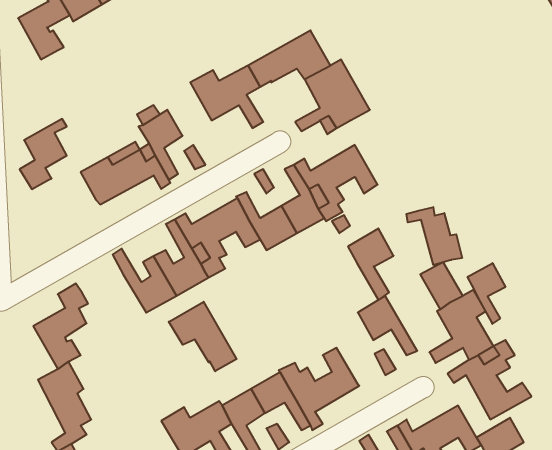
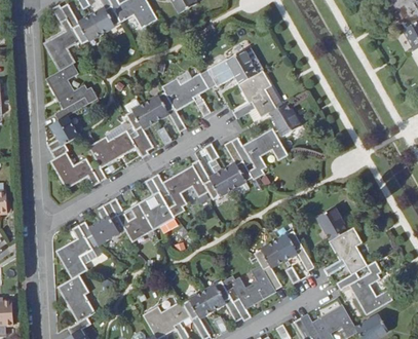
building: none -> [46,64,97,119]
building: none -> [146,92,186,131]
building: none -> [269,103,298,135]
building: none -> [50,151,106,188]
building: [406,207,462,265] -> none
building: [348,228,394,300] -> [254,240,284,289]
building: none -> [88,201,118,243]
building: [468,263,505,324] -> none
building: [169,302,237,371] -> none

